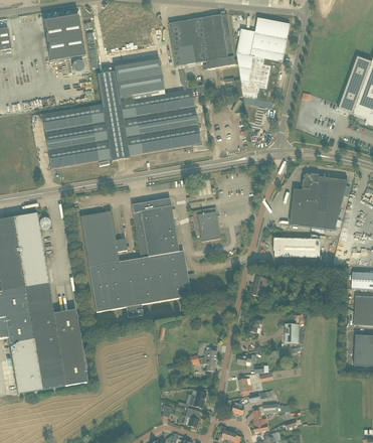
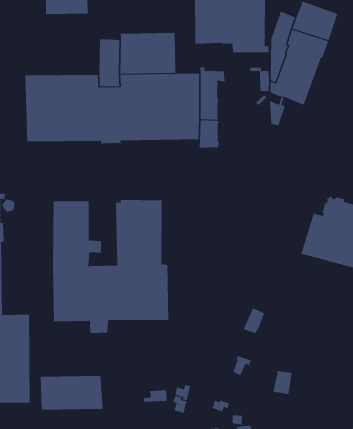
building: [191,205,219,240] -> none
building: [272,237,320,258] -> none
building: none -> [40,375,103,411]

